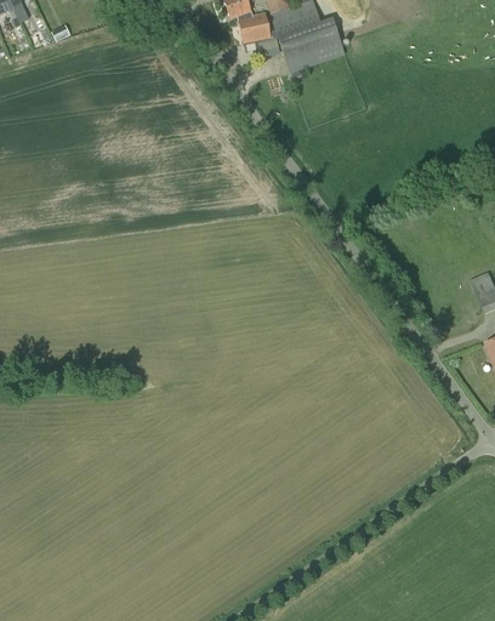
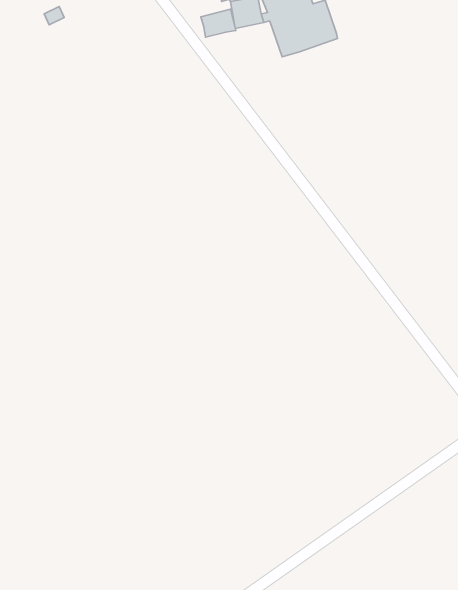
building: none -> [201,9,236,37]

